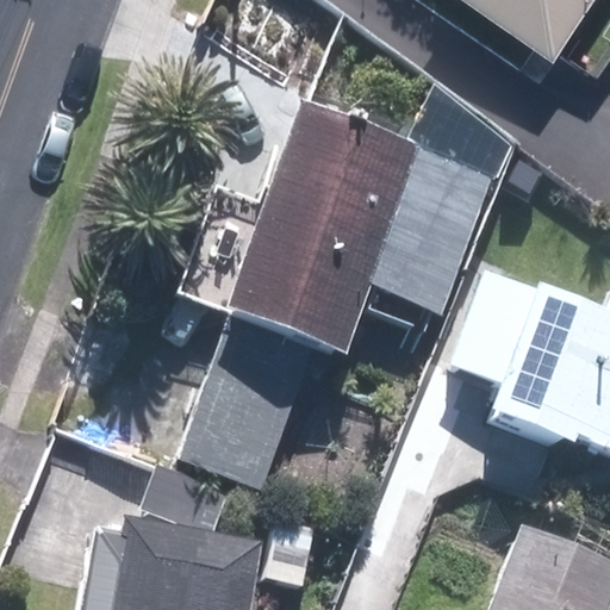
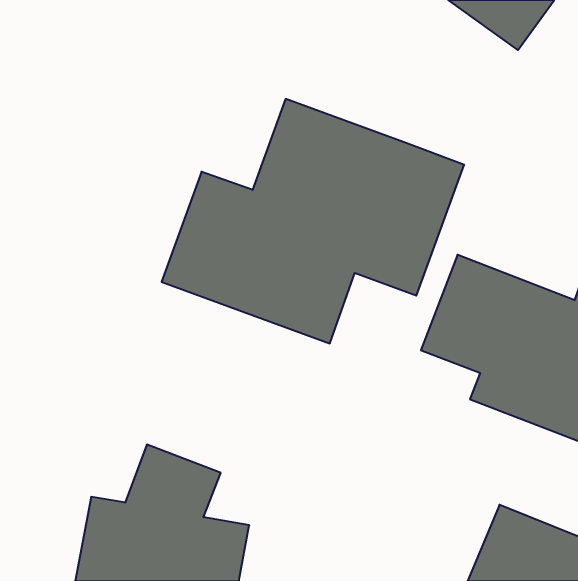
building: [178,342,309,492] -> none

